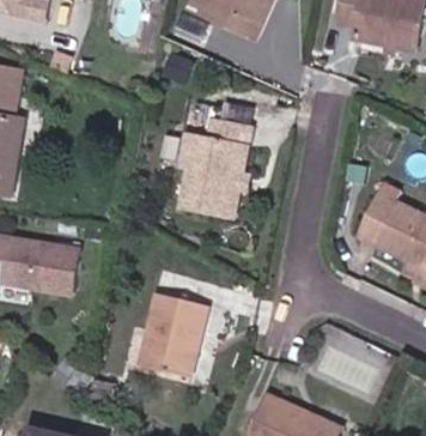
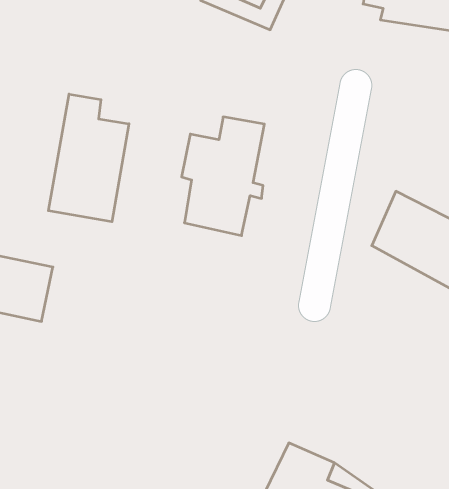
building: none -> [48,94,129,222]
building: [145,277,213,383] -> none

